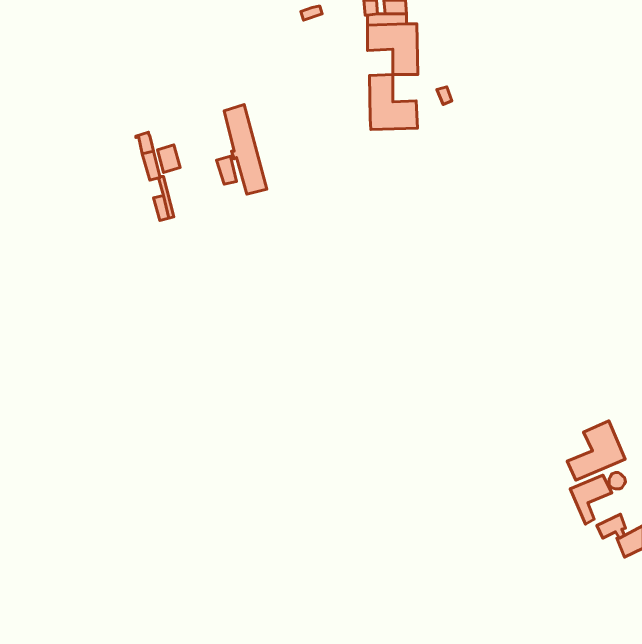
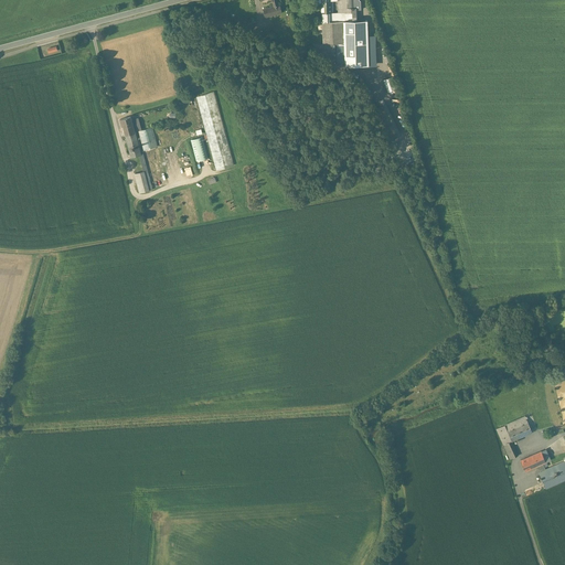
building: [369,74,418,129] -> none
building: [567,421,625,480] -> none

